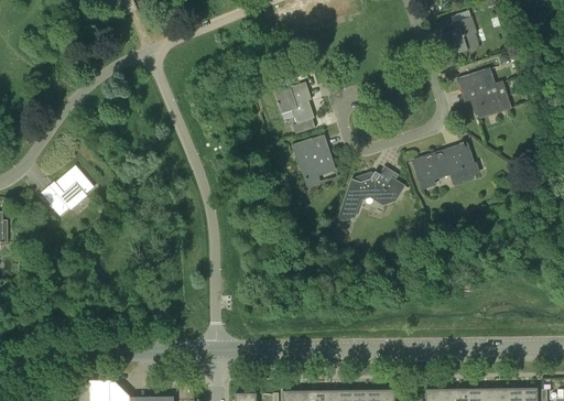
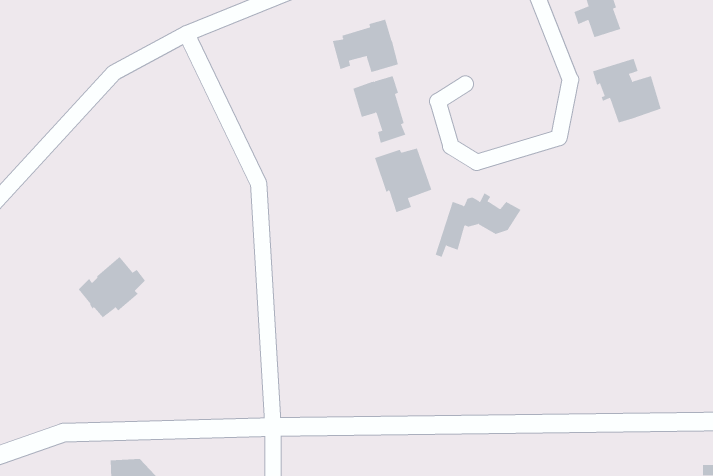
building: none -> [332,19,399,73]
building: [412,141,478,188] -> none
building: [41,167,93,215] -> [78,256,146,318]

